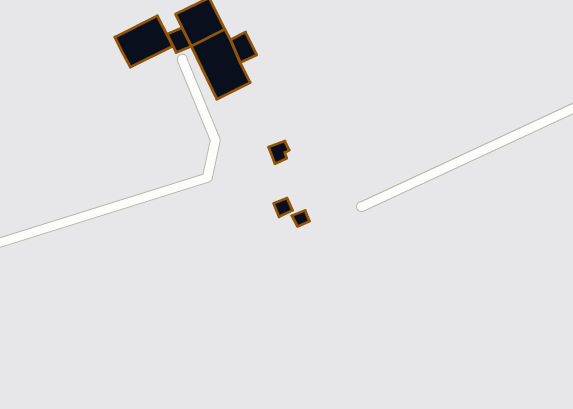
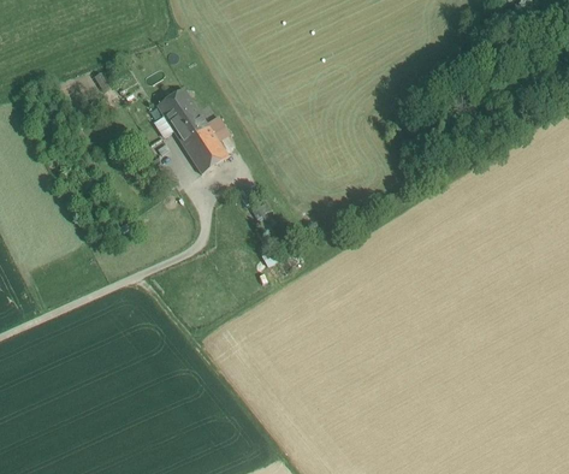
building: [115,16,173,67] -> none

